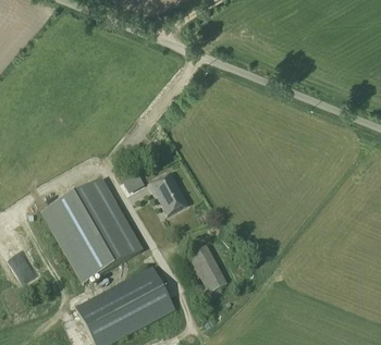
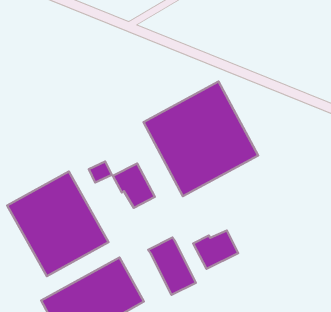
building: none -> [143,82,258,196]
building: none -> [193,231,238,269]

